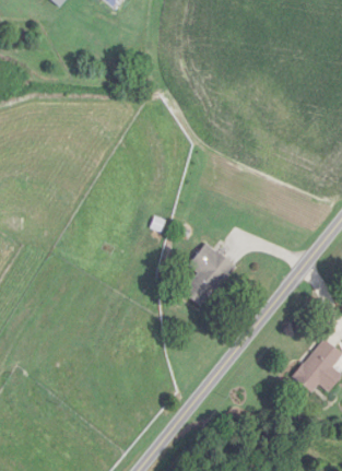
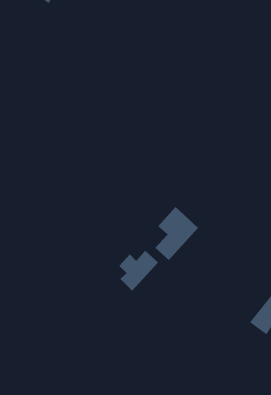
building: none -> [118,250,159,291]

